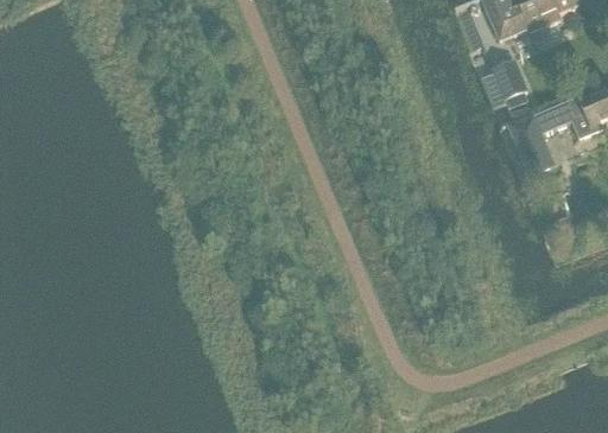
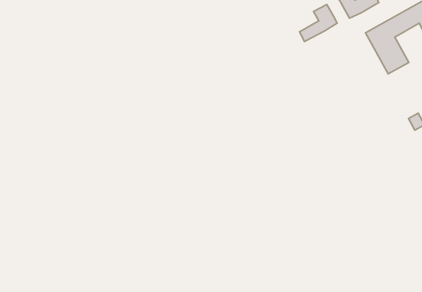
building: none -> [299,4,337,41]

